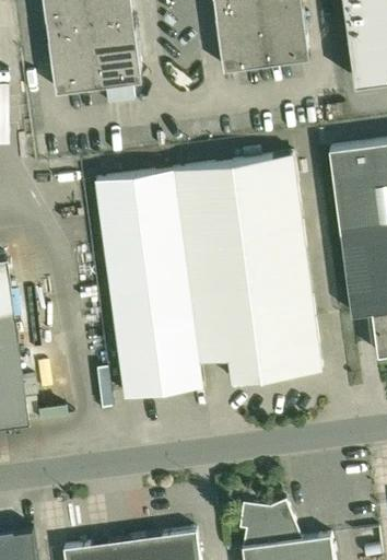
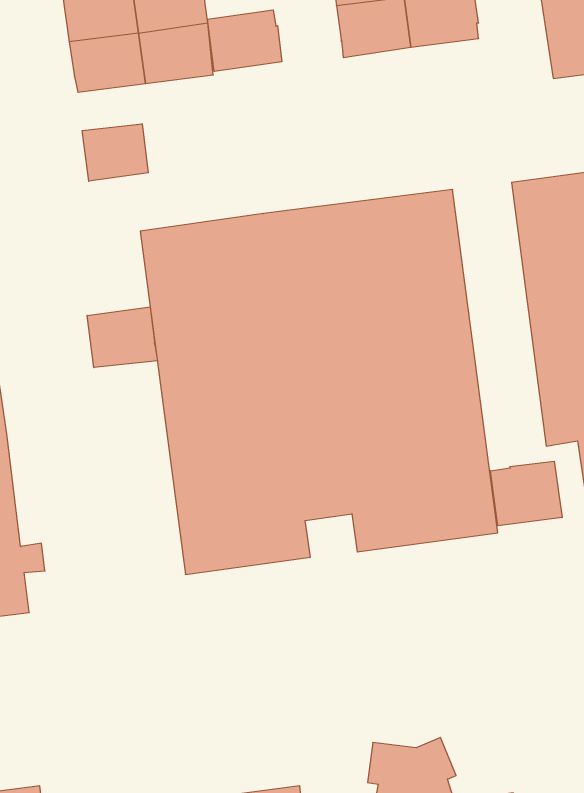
building: none -> [207,10,282,71]
building: none -> [82,124,148,181]
building: none -> [87,307,157,368]
building: none -> [491,461,562,526]

